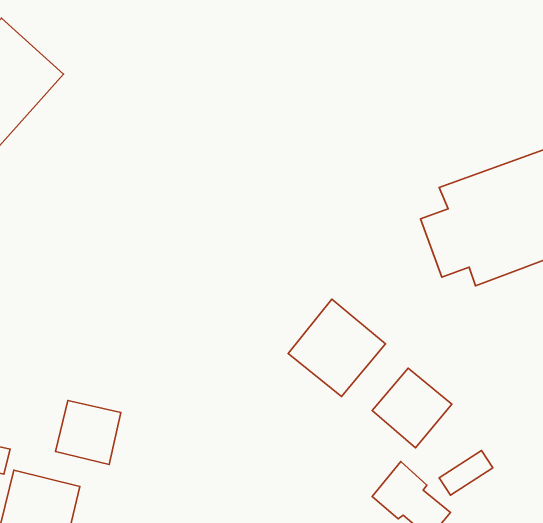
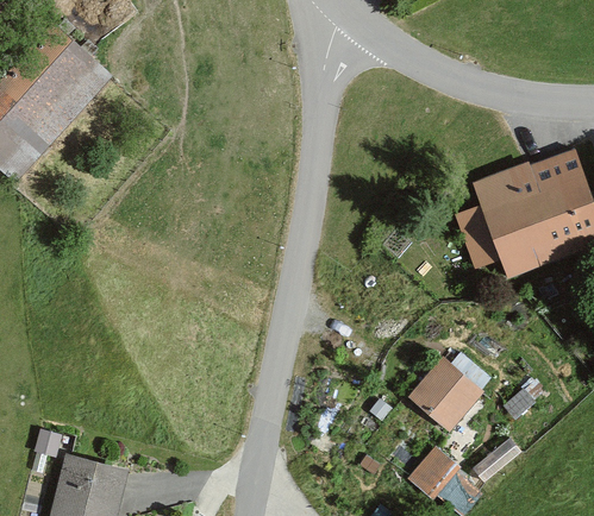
building: [288,299,385,397] -> none
building: [56,400,121,464] -> none

